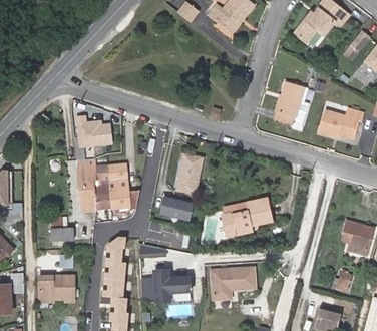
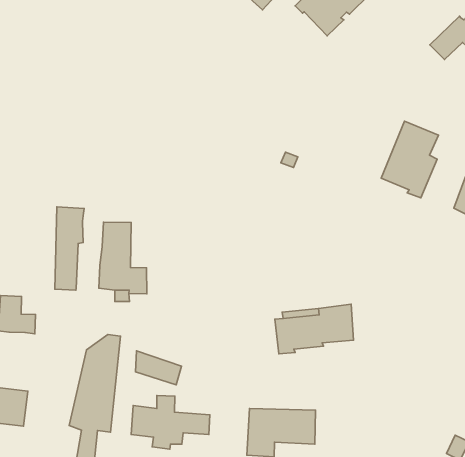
building: [76,116,112,147] -> none
building: [178,154,203,192] -> none
building: [94,165,110,209] -> none
building: [161,196,193,219] -> none

